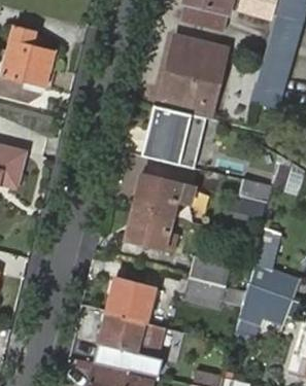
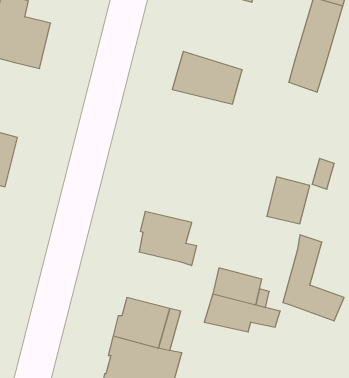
building: [165,37,225,90] -> none
building: [143,106,206,168] -> none
building: [133,176,192,217] -> none
building: [241,286,292,326] -> none

